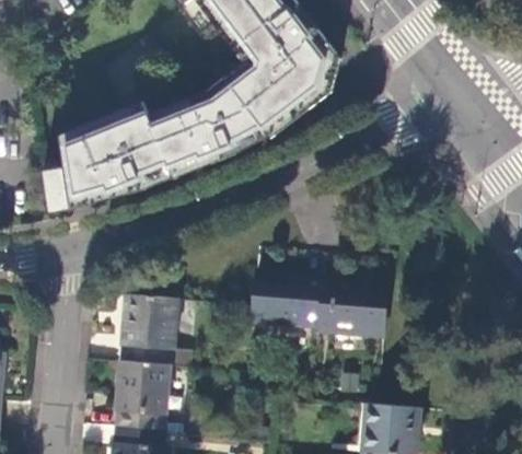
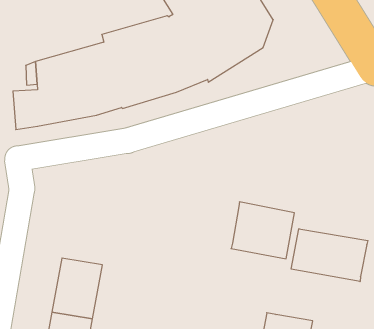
building: [253,269,322,324] -> none
building: [120,294,177,364] -> none
building: none -> [291,229,368,282]

